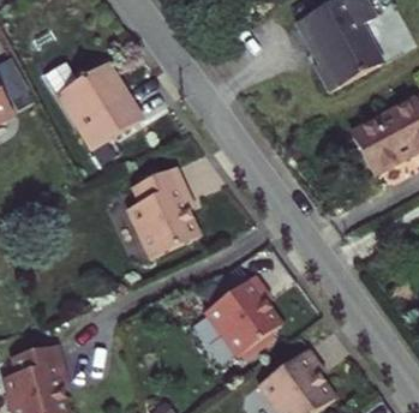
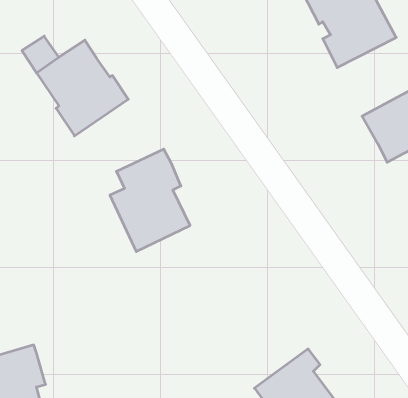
building: [204,274,281,355] -> none

